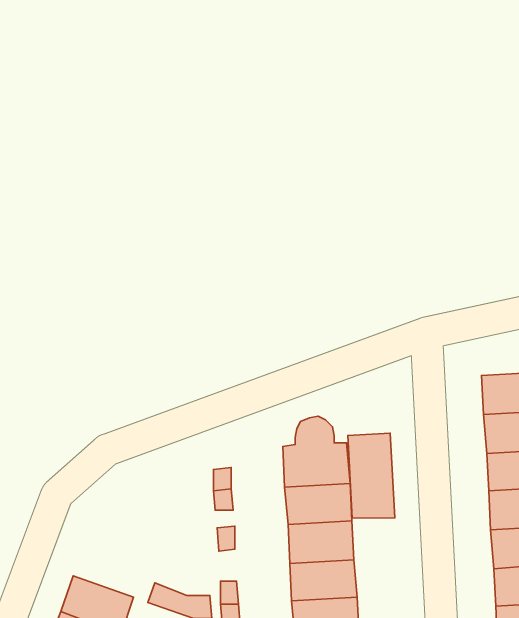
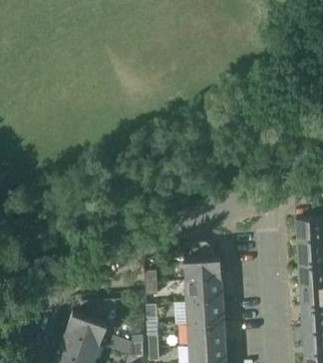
building: [348,433,395,518] -> none
building: none -> [65,300,121,345]

